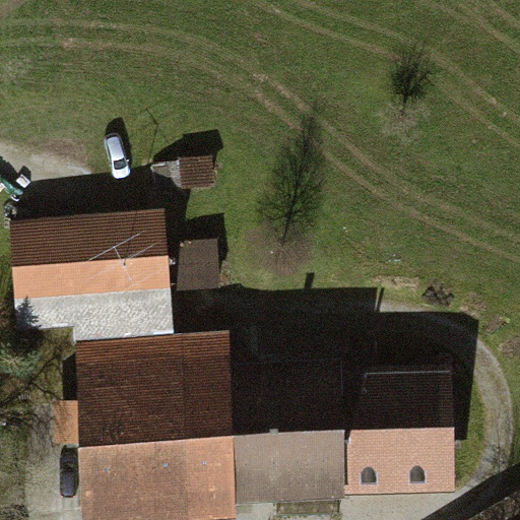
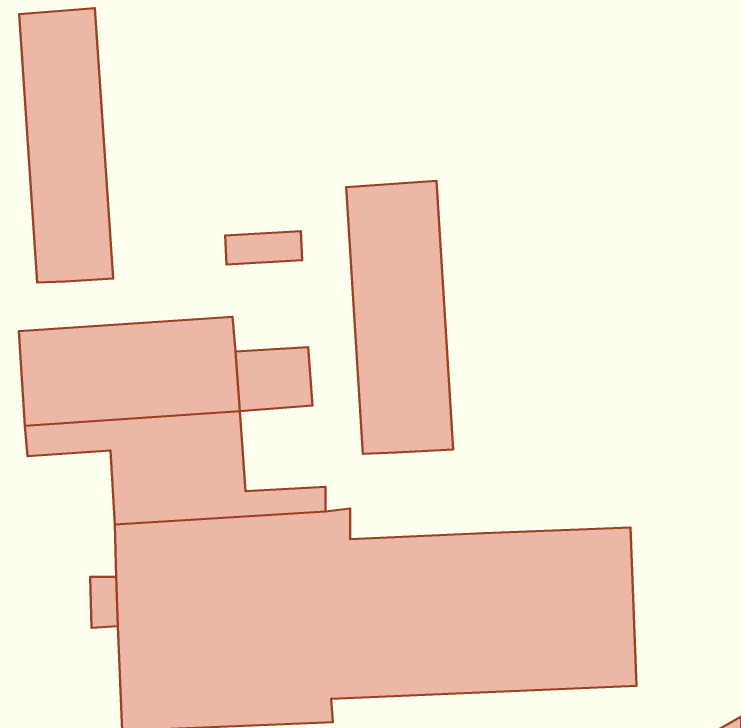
building: none -> [19,8,113,283]
building: none -> [346,181,453,454]

